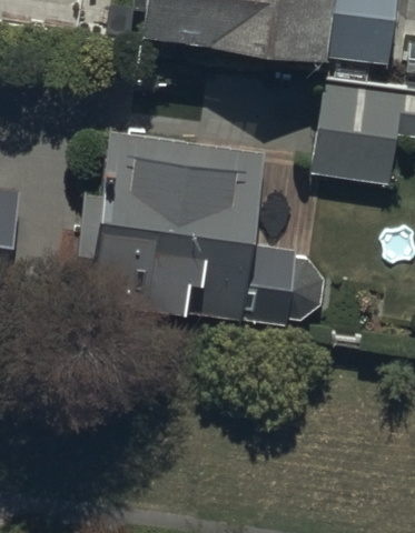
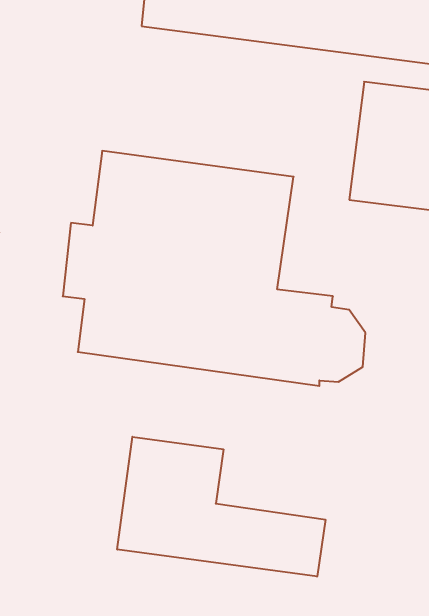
building: none -> [117,437,325,577]

